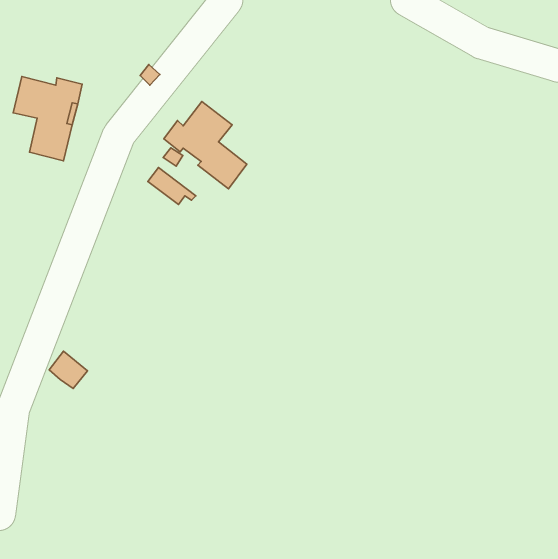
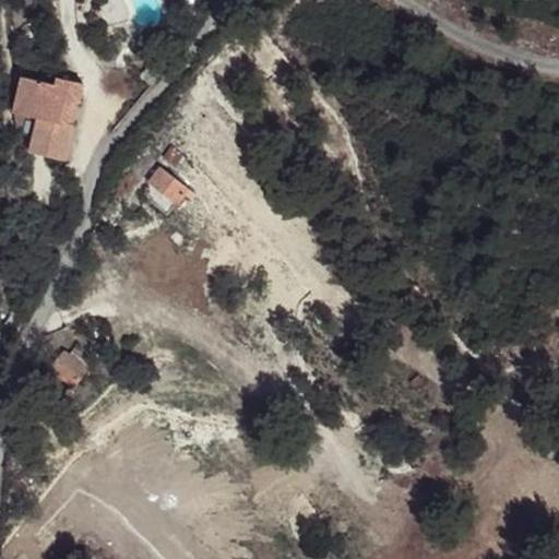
building: [164,101,247,189] -> none

